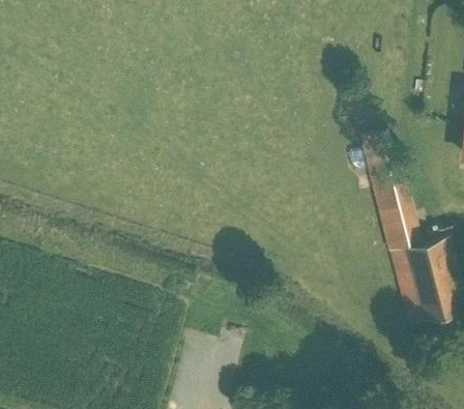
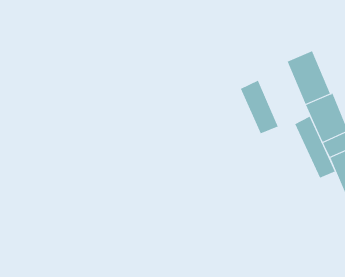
building: none -> [240,80,278,134]
building: none -> [294,116,335,178]

